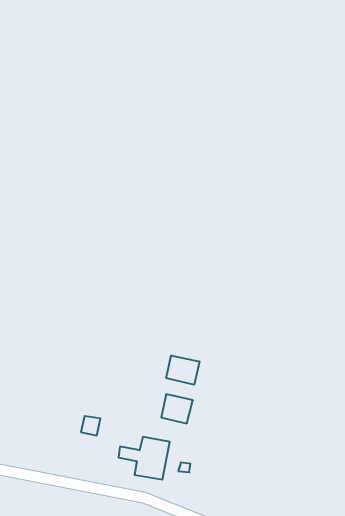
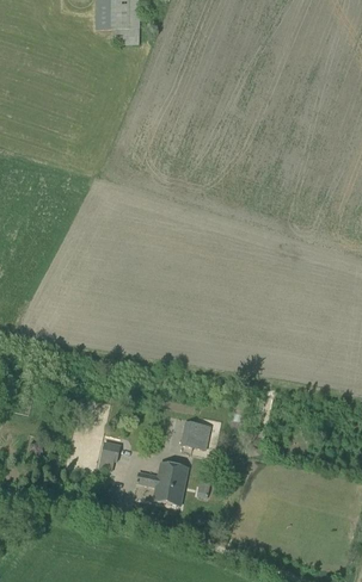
building: [166,356,199,385] -> none

